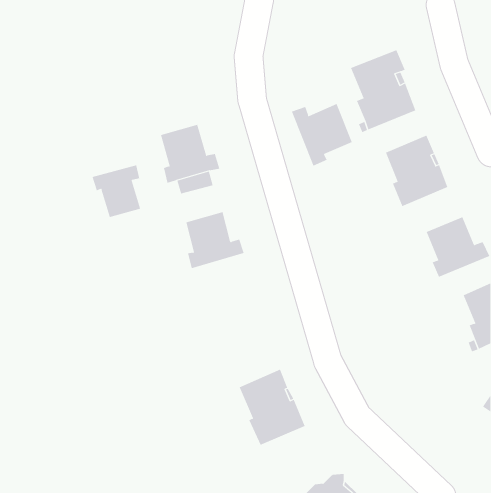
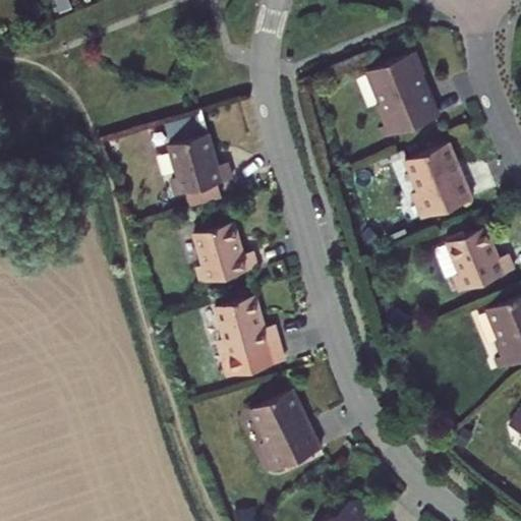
building: [291,103,353,167] -> none
building: [92,164,141,218] -> none
building: none -> [215,296,284,375]

